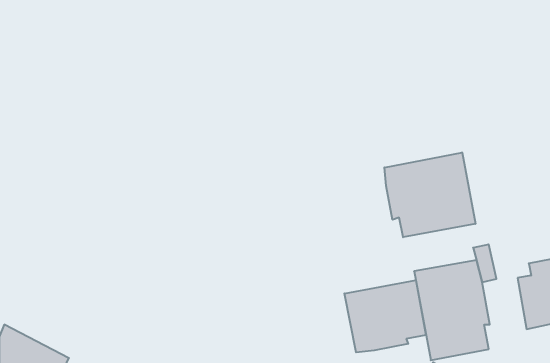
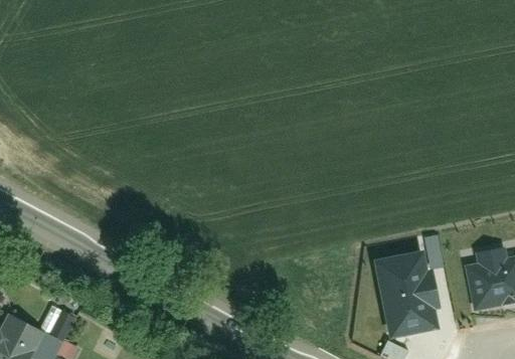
building: [384,152,475,237] -> none
building: [344,280,426,352] -> none

